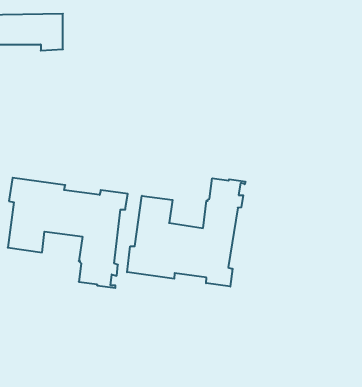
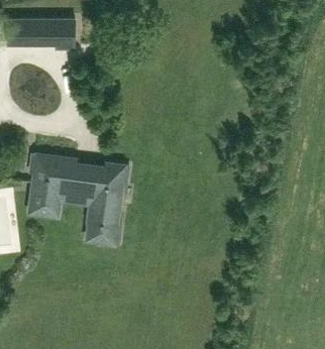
building: [127,178,245,287] -> none

